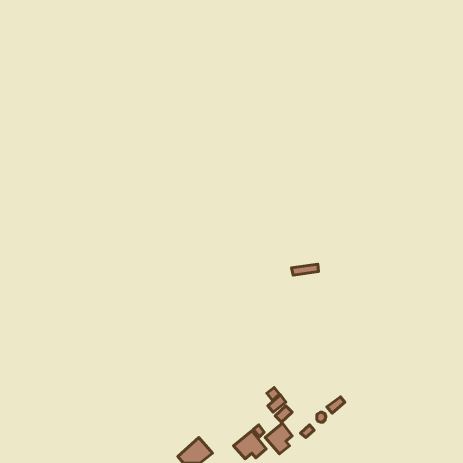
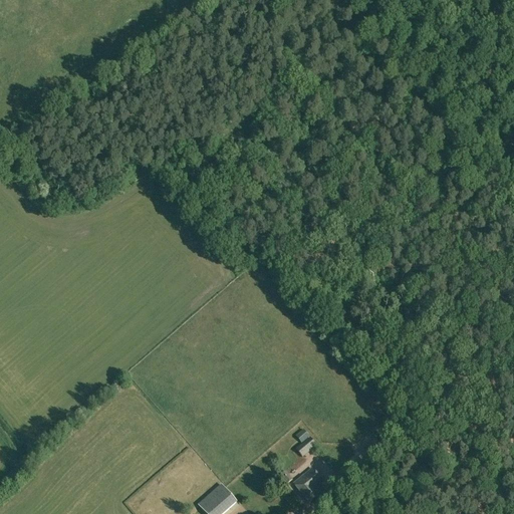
building: [234,431,266,459] -> none

